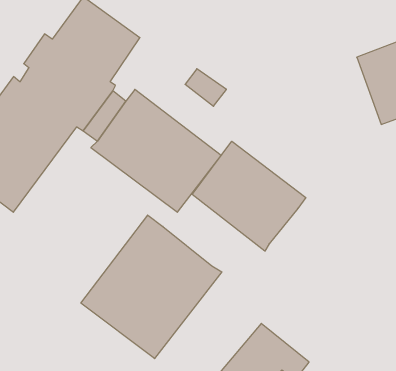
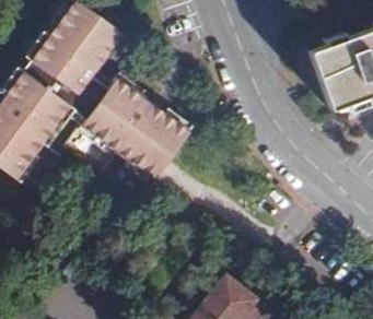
building: [192,141,306,251] -> none
building: [81,215,222,359] -> none

